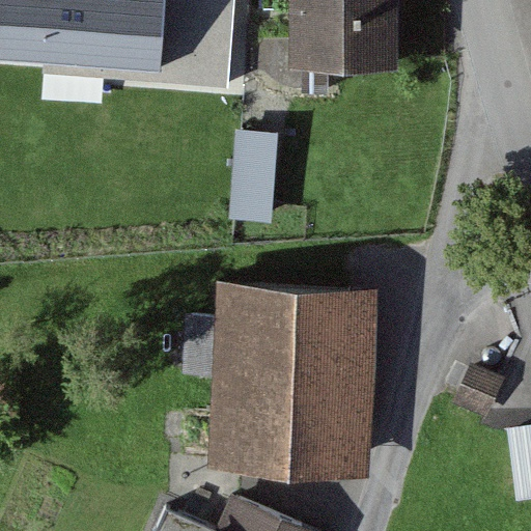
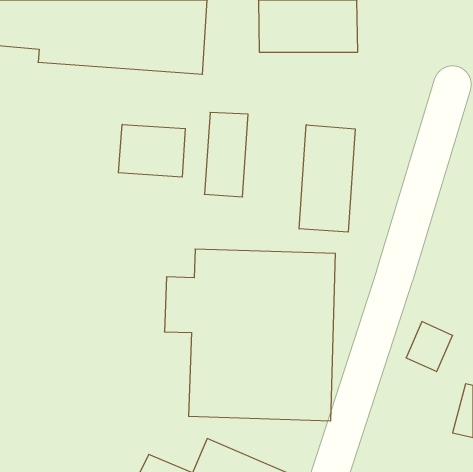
building: none -> [118,124,185,177]
building: none -> [299,125,355,232]

